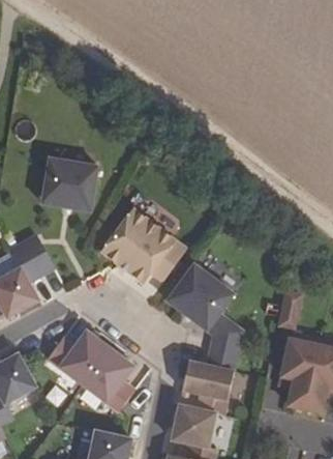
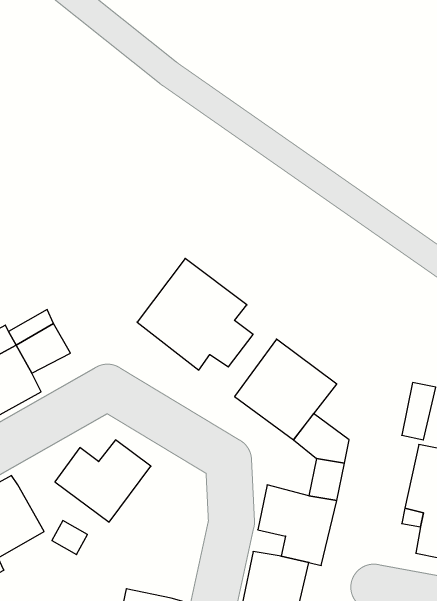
building: [41,157,97,211] -> none
building: [83,348,134,411] -> none

